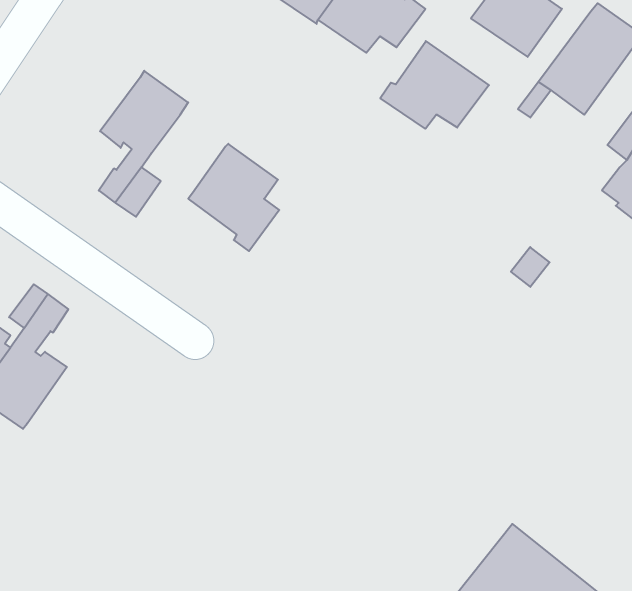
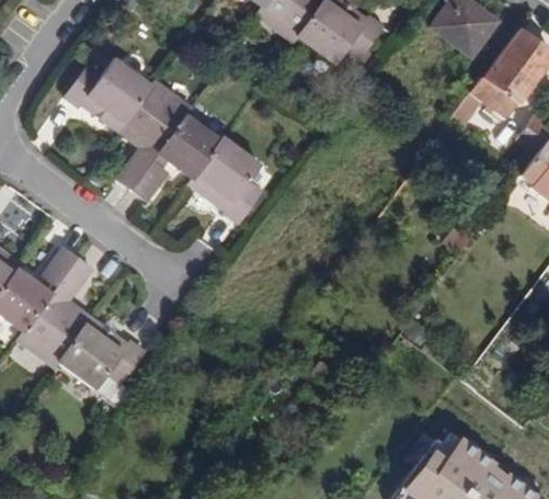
building: [380,41,489,129] -> none
building: none -> [68,58,153,128]
building: none -> [162,115,221,178]
building: none -> [64,316,148,387]

